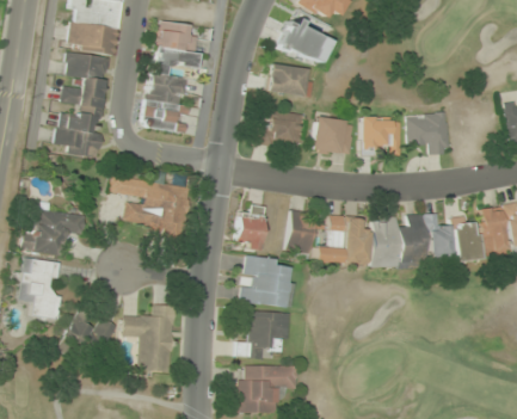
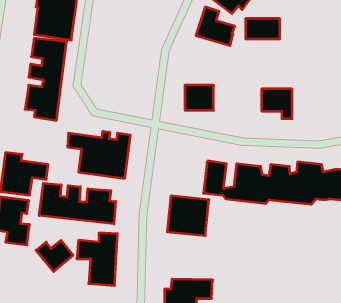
building: [144,20,199,133] -> none
building: [269,68,313,94] -> [246,19,280,39]
building: [407,113,450,154] -> none
building: [312,117,353,154] -> none
building: [235,211,263,249] -> none
building: none -> [39,183,116,224]
building: [236,310,290,359] -> none

